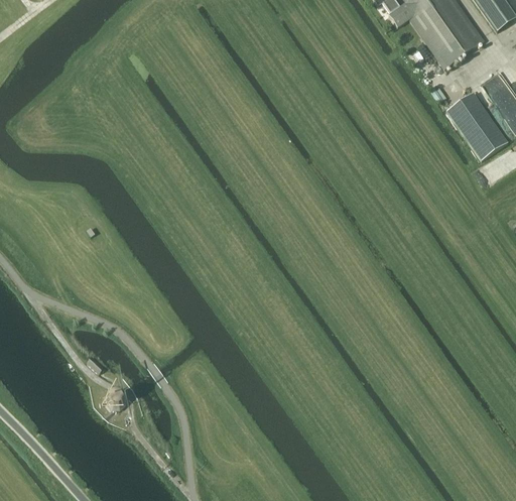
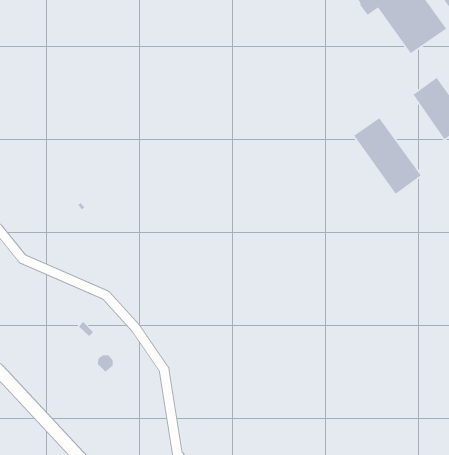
building: none -> [353,117,422,195]

